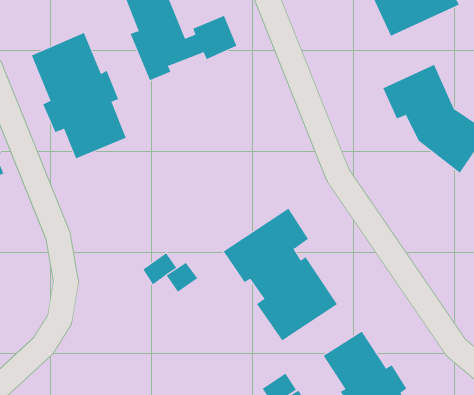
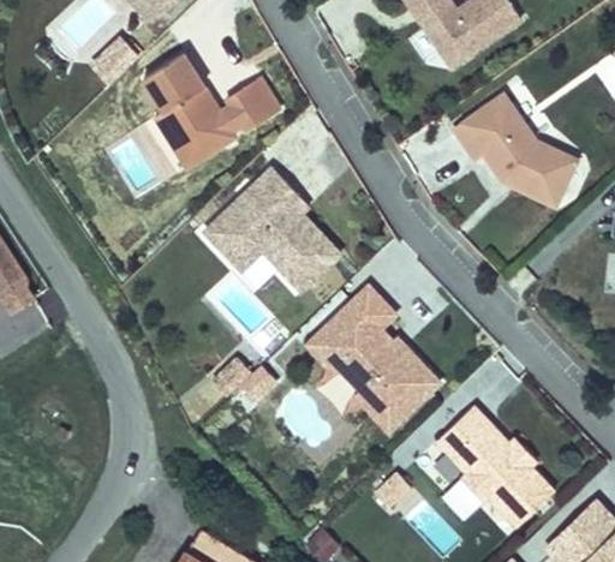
building: [31,32,126,159] -> none
building: none -> [202,165,338,287]

